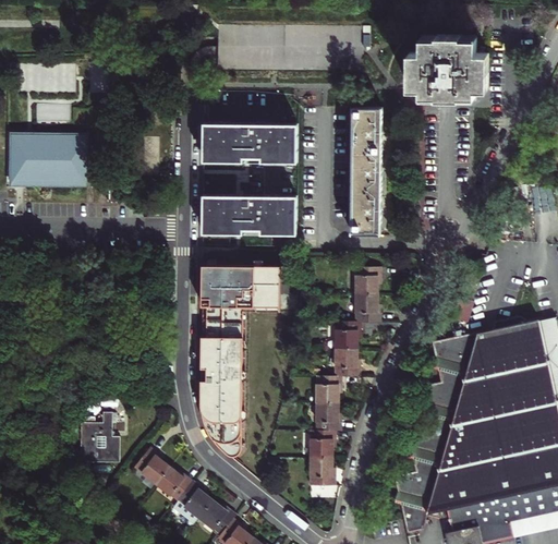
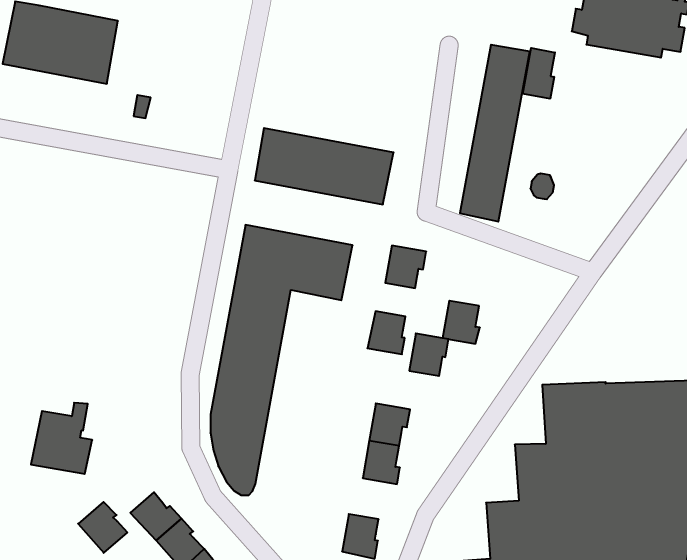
building: none -> [523,48,555,99]
building: [203,124,298,164] -> none
building: [355,268,380,295] -> [385,246,426,288]
building: [335,350,360,377] -> [367,311,405,354]
building: [311,432,336,459] -> none
building: [134,449,170,485] -> [78,502,127,553]

